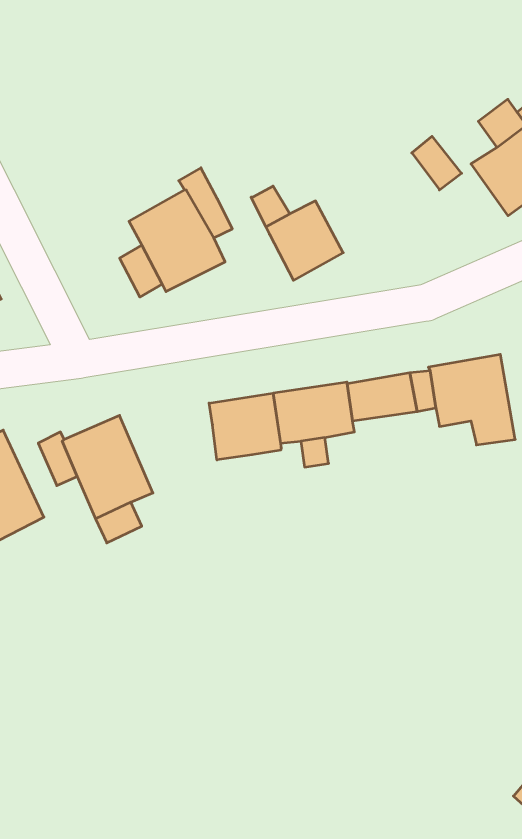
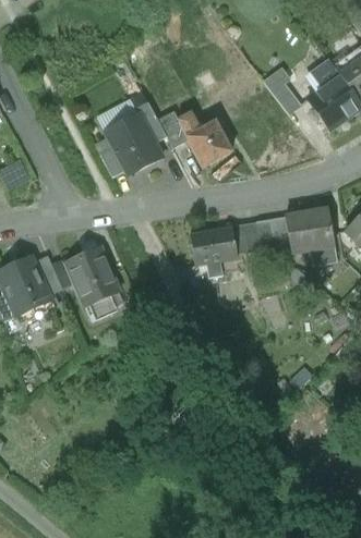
building: none -> [157,110,188,147]
building: [209,393,281,460] -> none

